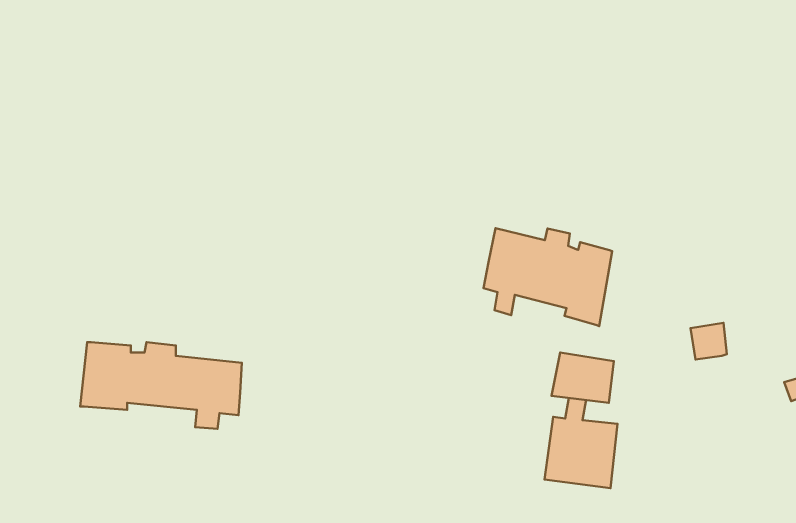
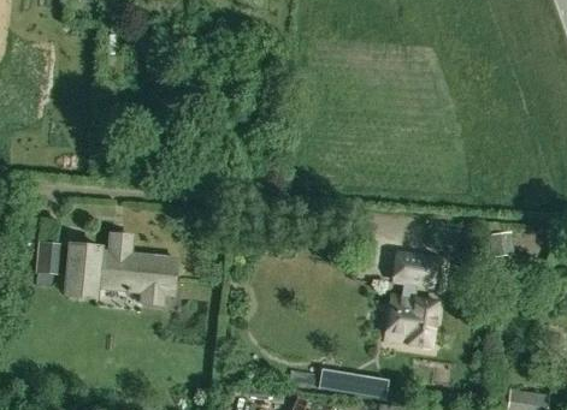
building: [483,228,612,326] -> none
building: none -> [37,240,67,274]

